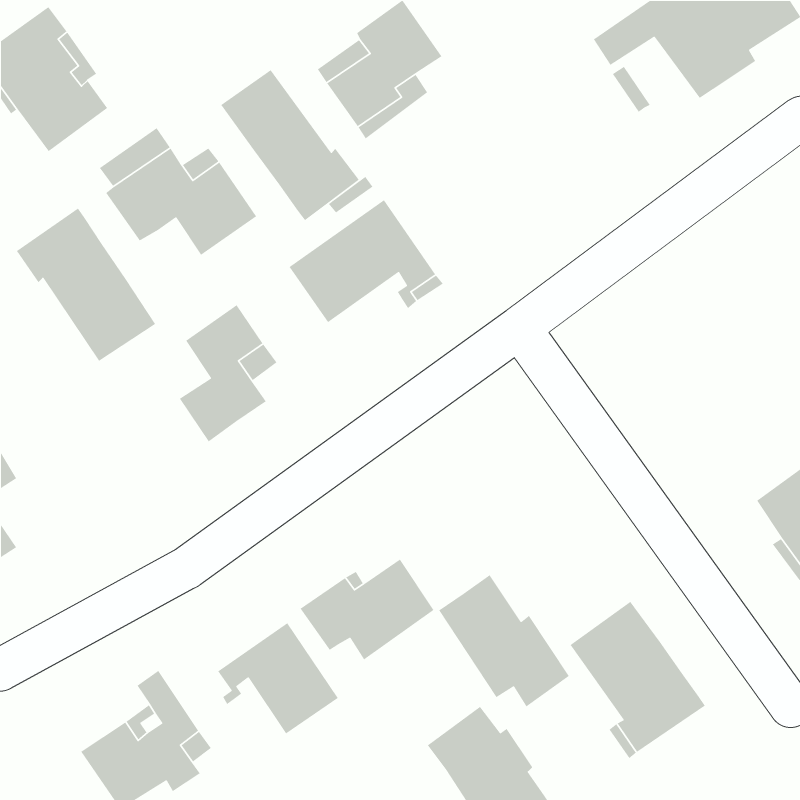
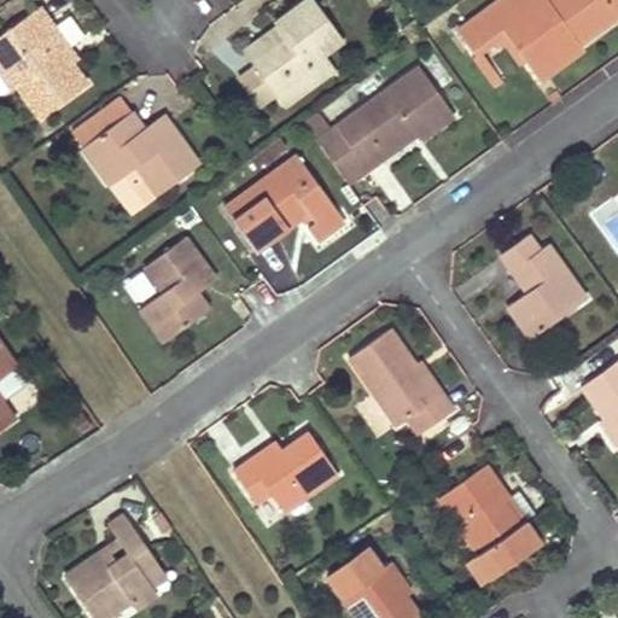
building: [220,69,360,221] -> none
building: none -> [303,64,455,185]
building: [16,207,156,362] -> none
building: none -> [507,239,589,339]
building: [438,574,570,708] -> [351,332,453,435]
building: [217,622,339,735] -> none

